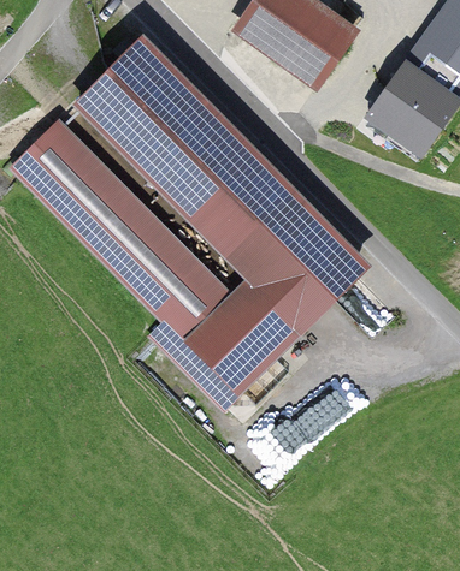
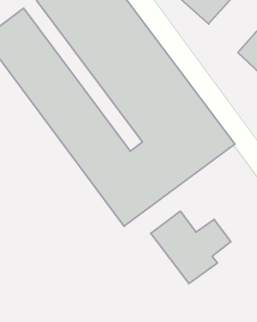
building: none -> [151,211,231,284]

